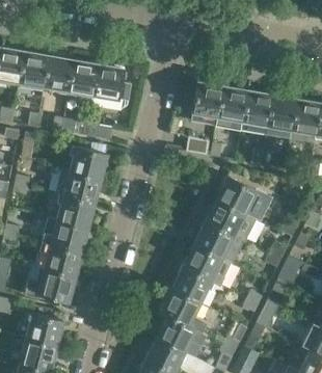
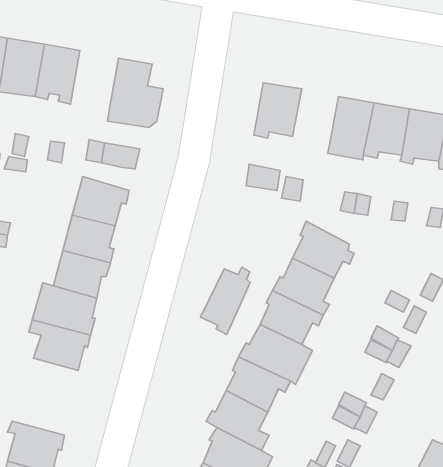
building: [68,61,100,102] -> none
building: [215,87,248,131] -> none
building: none -> [201,267,250,334]
building: [28,268,73,301] -> none

